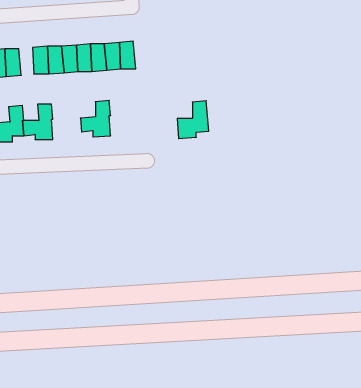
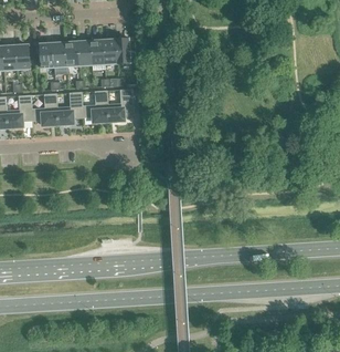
building: [177,101,209,139] -> [106,87,134,121]
building: none -> [55,91,82,124]

